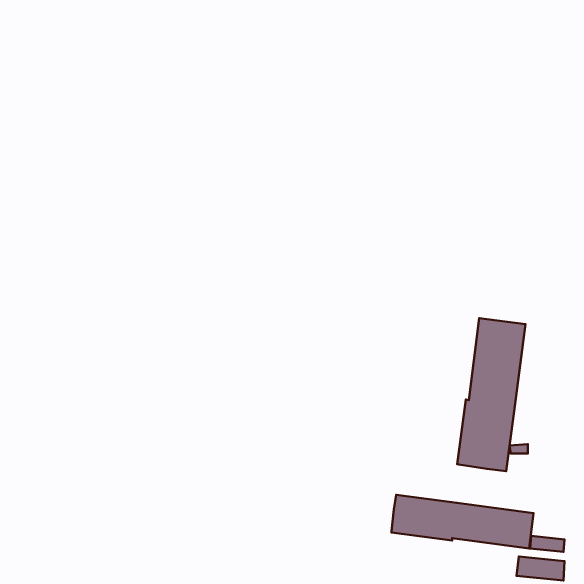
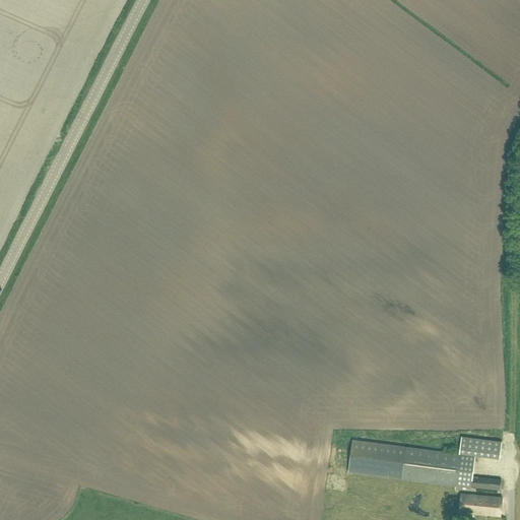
building: [457,318,525,471] -> none
building: none -> [459,436,501,458]

